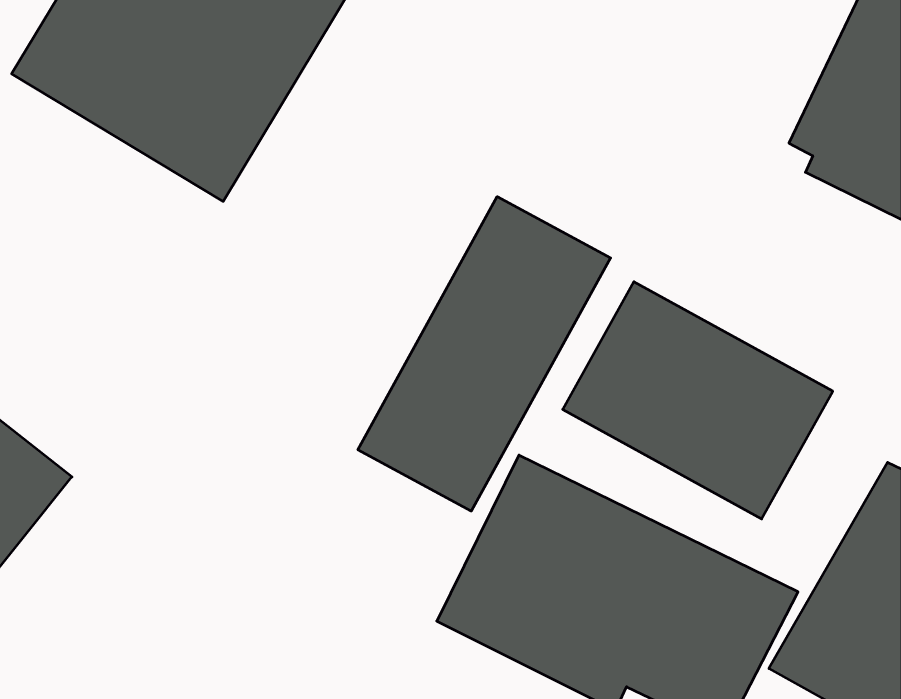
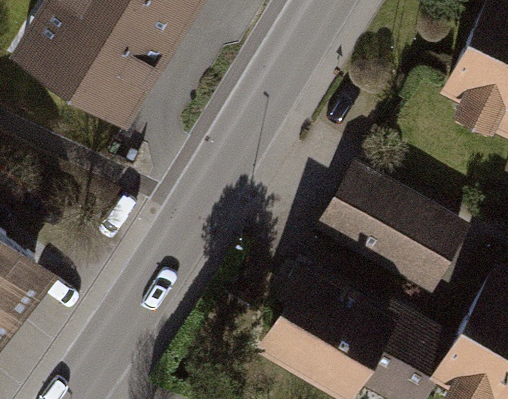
building: [358,197,611,511] -> none

